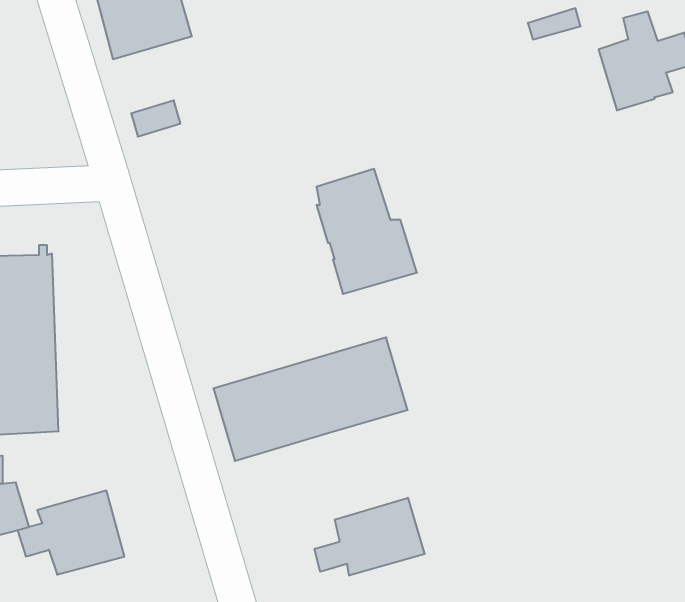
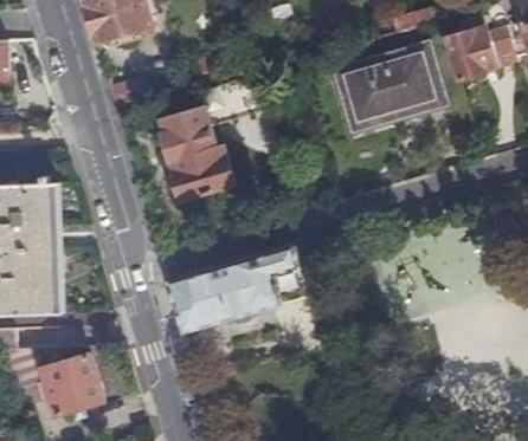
building: none -> [330,38,451,135]
building: [316,169,417,294] -> [162,109,234,199]
building: [315,498,425,576] -> none

